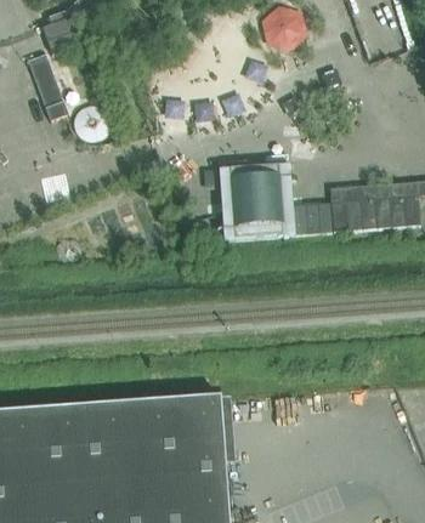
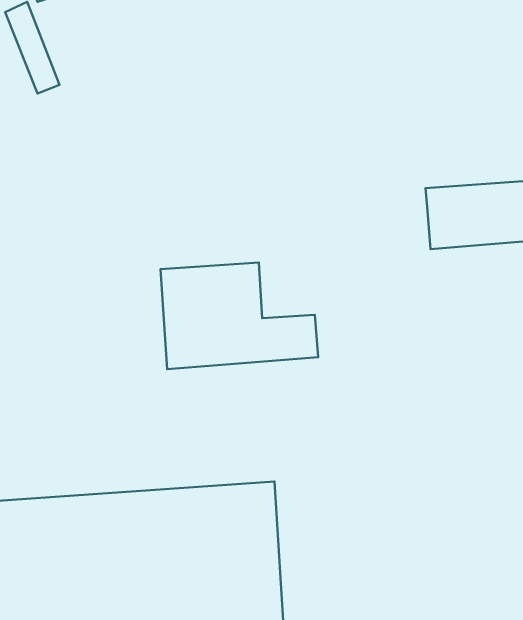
building: [219,164,331,240] -> [160,262,318,369]

